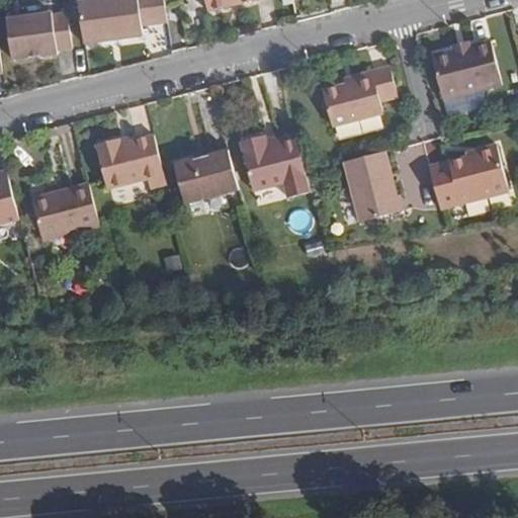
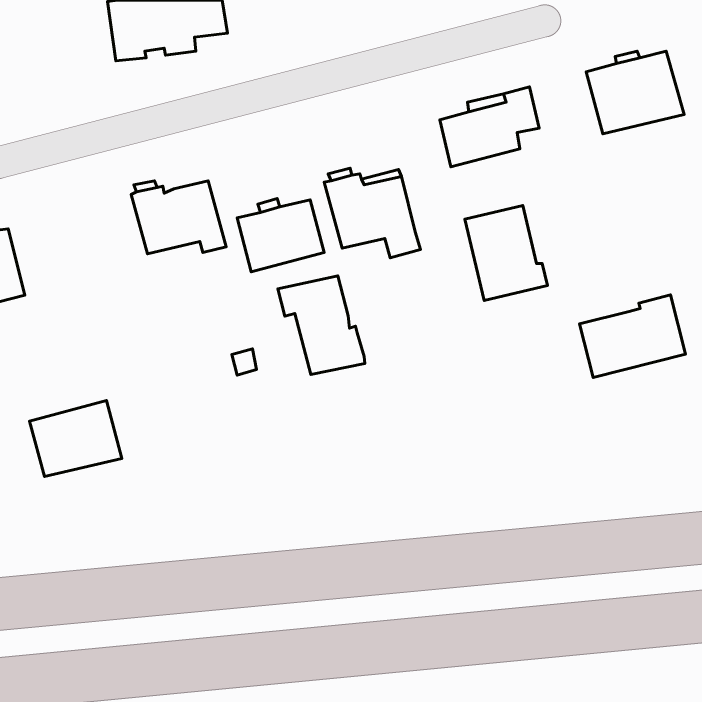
building: [7,13,72,63] -> none
building: [429,147,507,207] -> [579,295,686,378]
building: [30,183,98,239] -> [29,401,122,476]
building: none -> [278,276,365,375]

